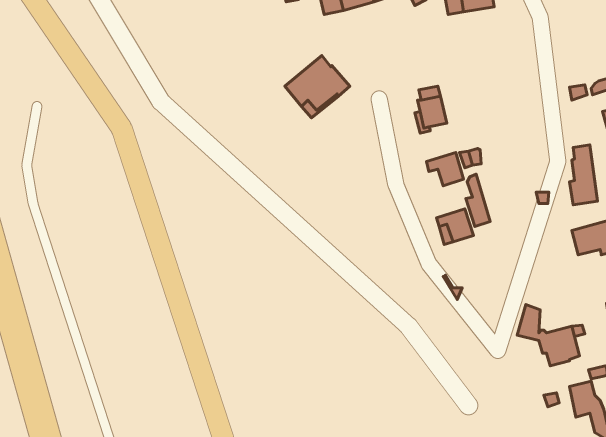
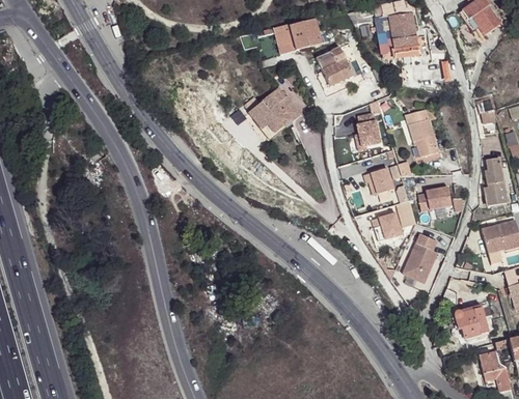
building: none -> [317,47,354,87]
building: none -> [403,107,438,159]
building: none -> [418,184,453,209]
building: none -> [404,231,439,281]

